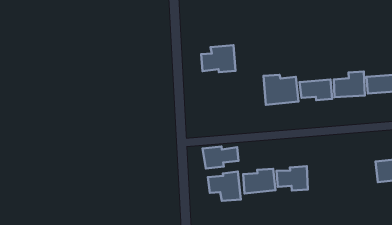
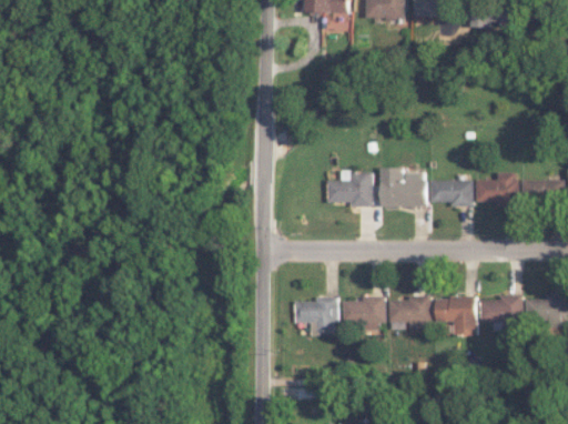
building: [201,45,236,72] -> [326,171,372,206]
building: [203,147,239,169] -> none
building: none -> [479,295,521,323]
building: none -> [434,297,475,335]

